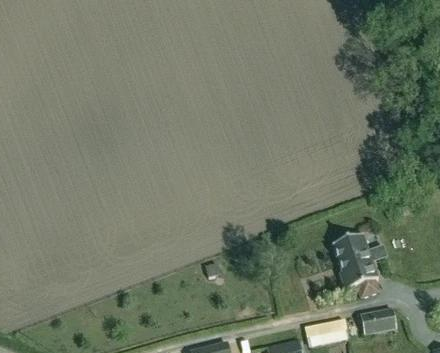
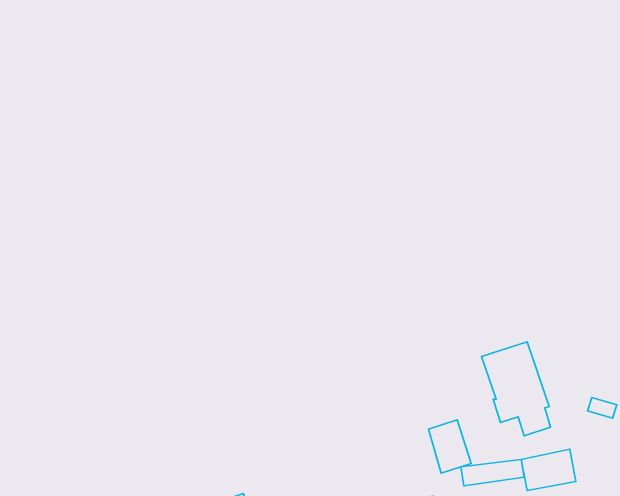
building: none -> [428,420,471,473]

